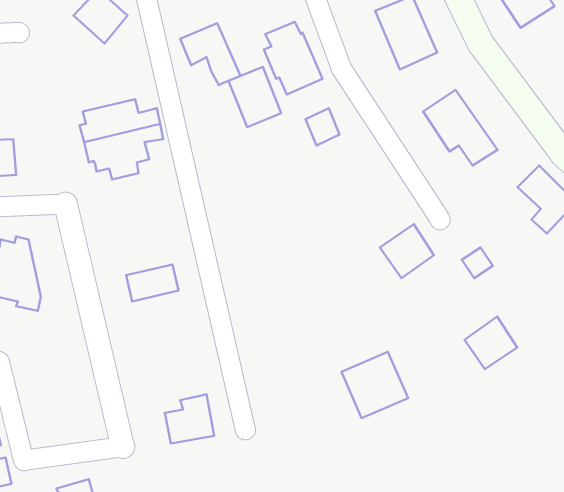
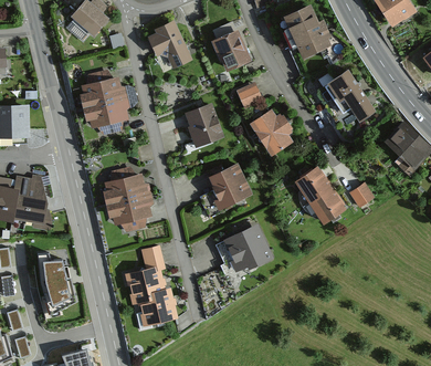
building: [229,67,281,127] -> [187,102,224,145]
building: none -> [254,107,295,154]
building: none -> [207,166,250,211]
building: none -> [105,176,143,202]
building: [465,317,517,369] -> [306,188,344,226]
building: none -> [126,247,162,302]
building: none -> [36,257,72,314]
building: [342,352,408,418] -> [224,223,272,271]

